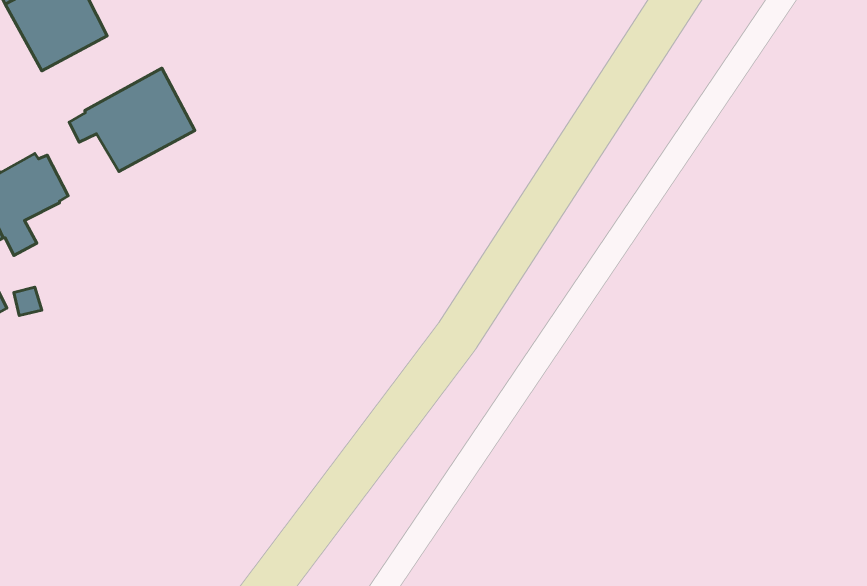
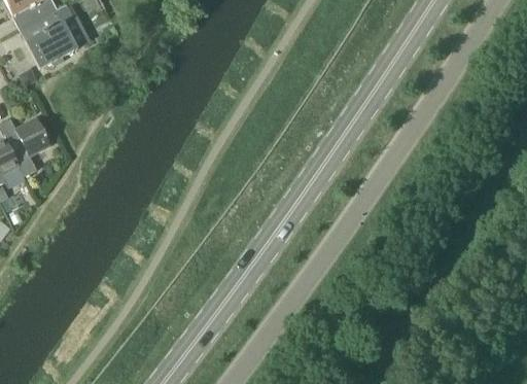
building: [69,68,195,171] -> none

